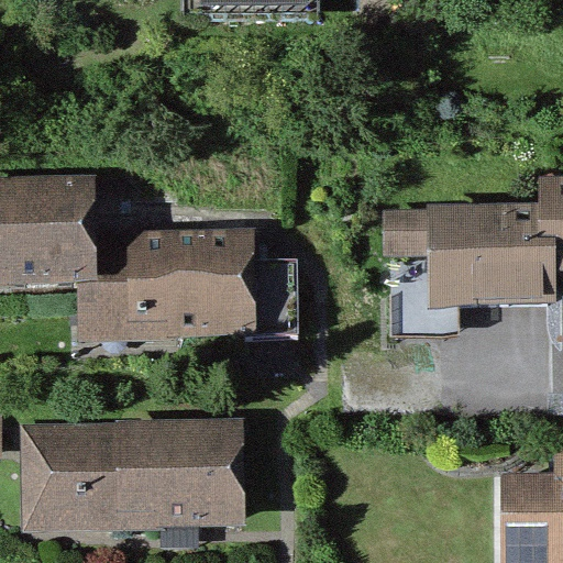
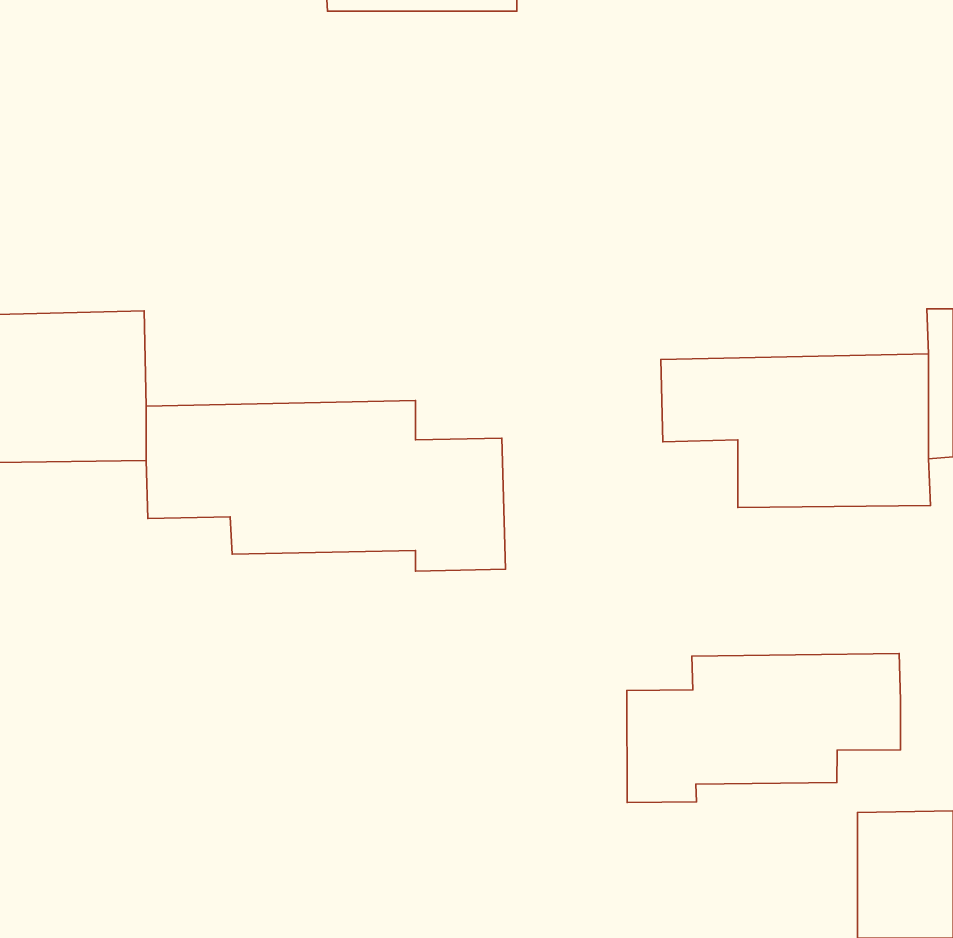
building: none -> [627,654,901,803]
building: [30,426,235,516] -> none

